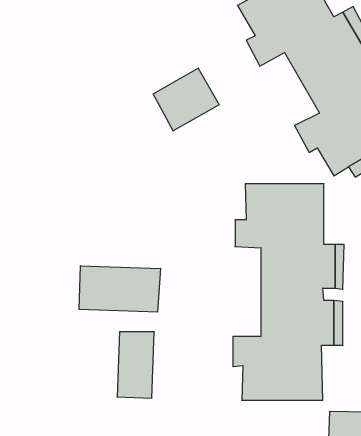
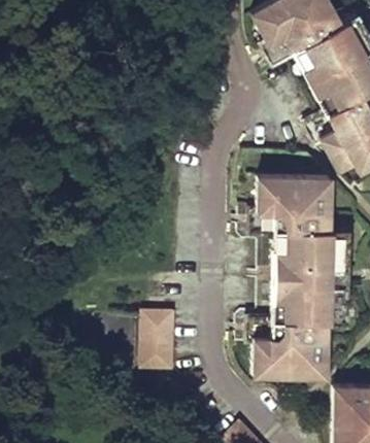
building: [153,68,219,131] -> none
building: [79,266,160,312] -> none

